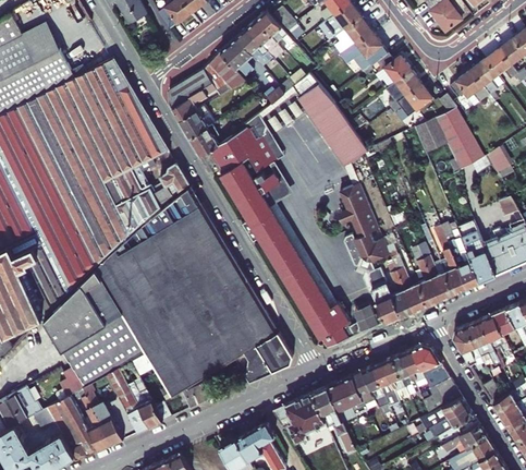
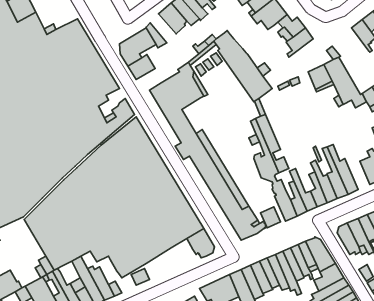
building: [208,51,244,89] -> none
building: [448,70,493,104] -> none
building: [389,84,431,113] -> none
building: [189,124,222,156] -> none
building: [249,161,292,208] -> none
building: [456,221,494,281] -> none
building: [235,346,274,383] -> none

